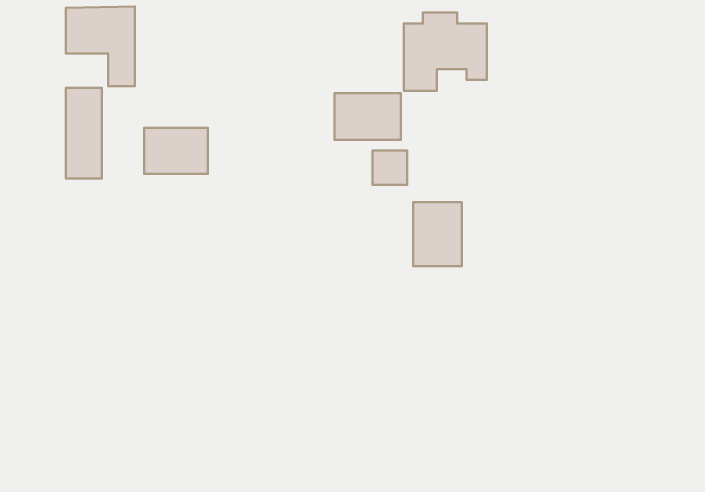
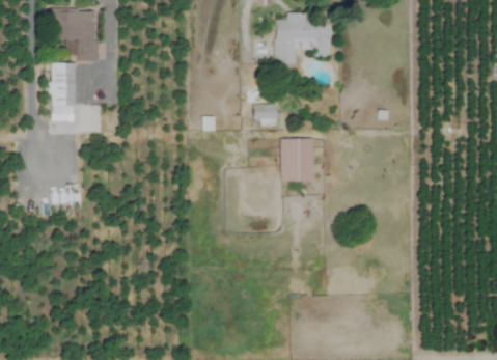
building: [335,93,401,140] -> none
building: [144,128,208,174] -> none

